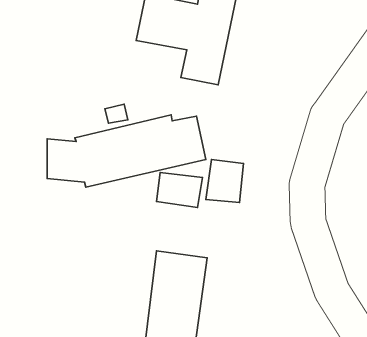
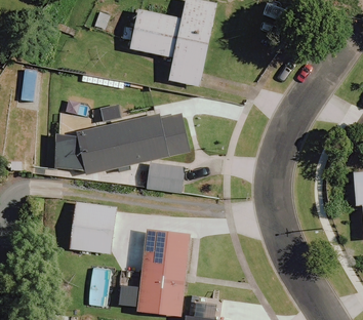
building: [206,160,243,203] -> none
building: none -> [68,202,114,253]

